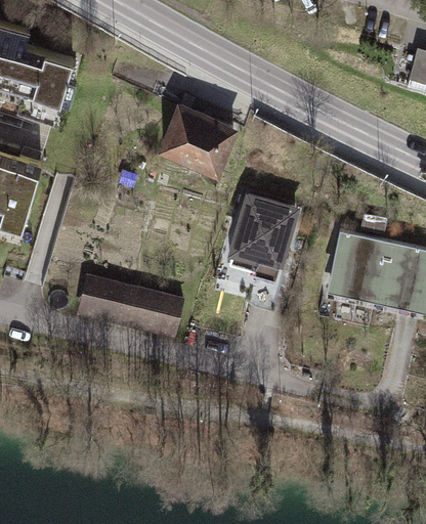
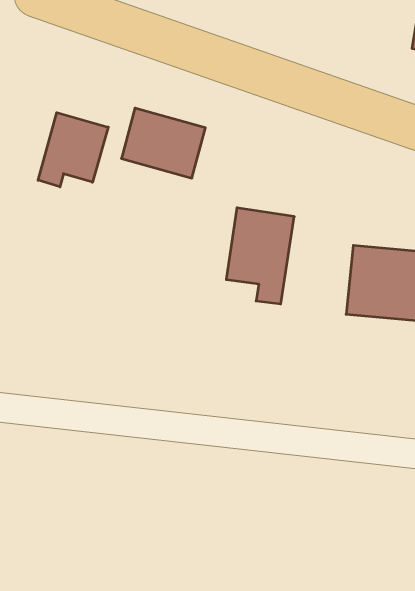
building: none -> [38,113,108,187]
building: [83,282,181,325] -> none

